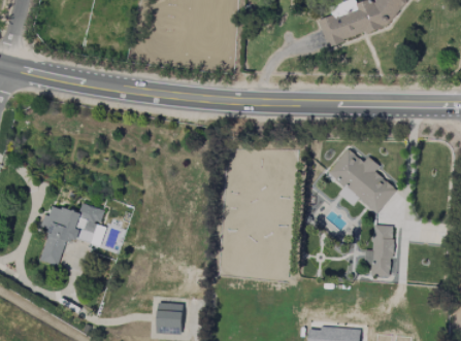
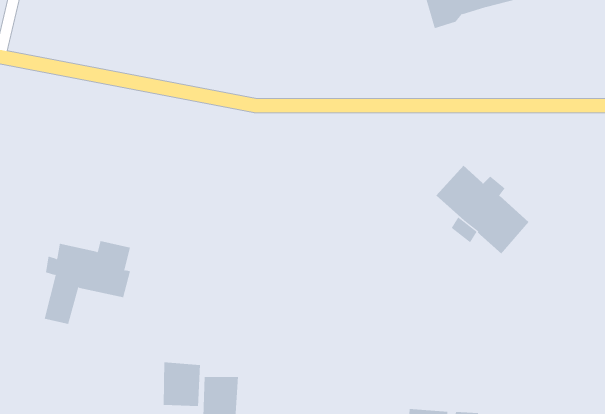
building: [365,225,393,276] -> none
building: none -> [163,361,201,407]

